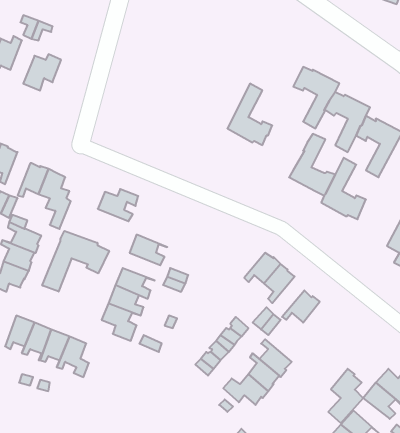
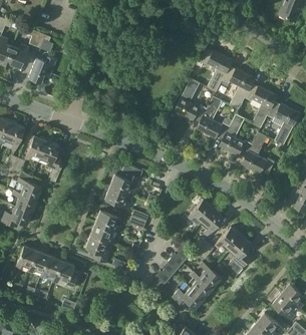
building: none -> [200,48,233,92]
building: none -> [197,96,232,140]
building: [98,189,138,221] -> [109,173,138,196]
building: [42,231,109,292] -> none
building: [328,369,363,423] -> [227,235,252,274]

